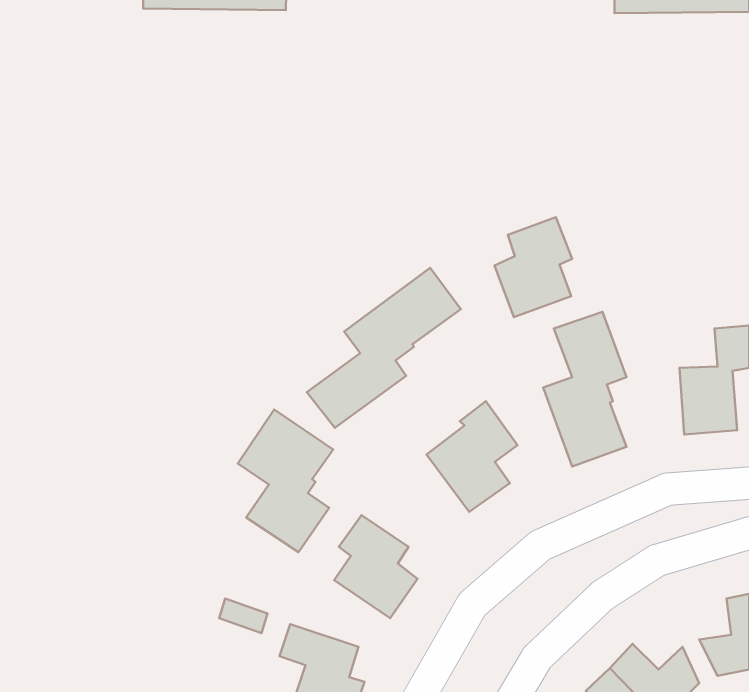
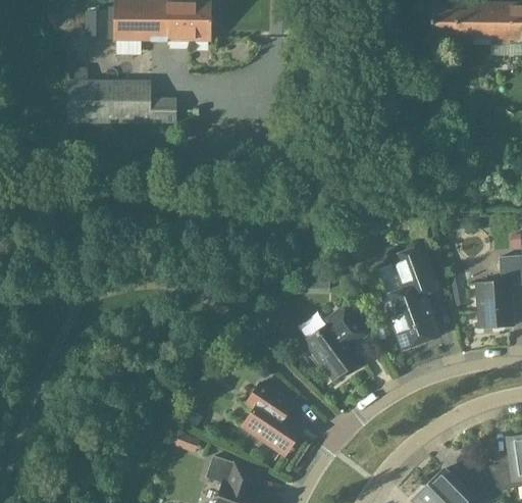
building: none -> [67,80,175,123]
building: [494,217,572,317] -> none
building: [307,268,461,428] -> none
building: [238,410,333,552] -> none

